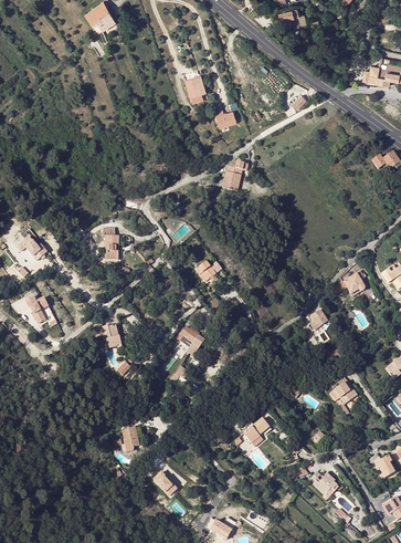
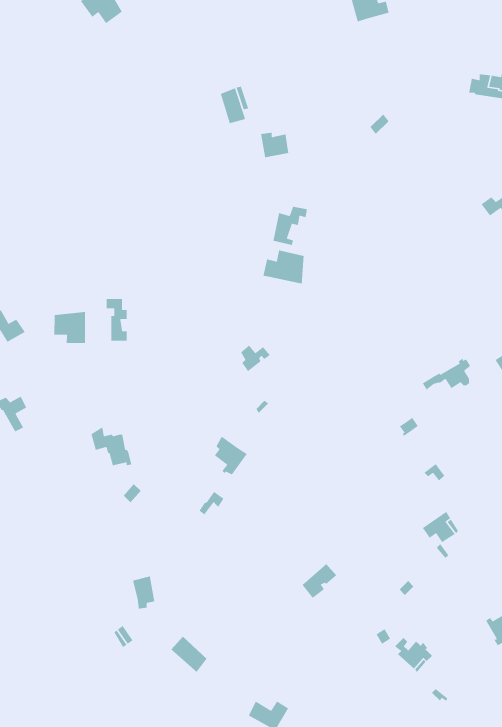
building: none -> [262,250,305,285]
building: none -> [53,311,86,344]

